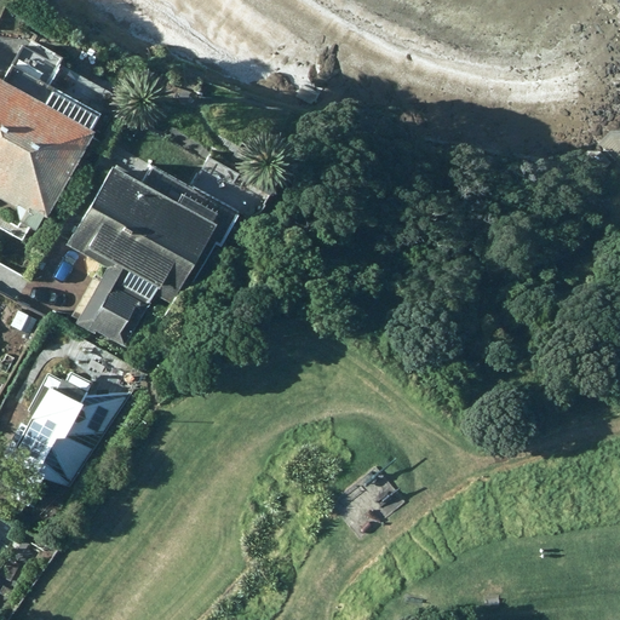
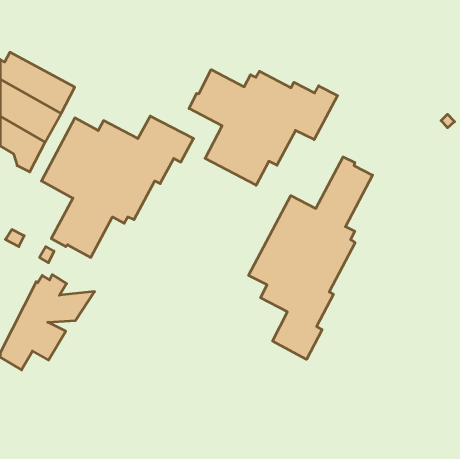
building: none -> [189,70,338,185]
building: none -> [249,157,373,359]

